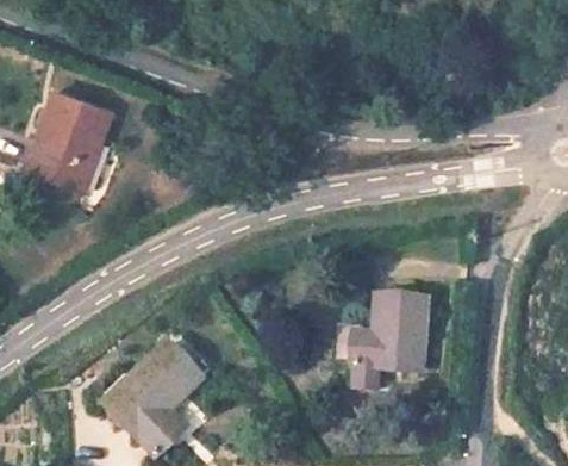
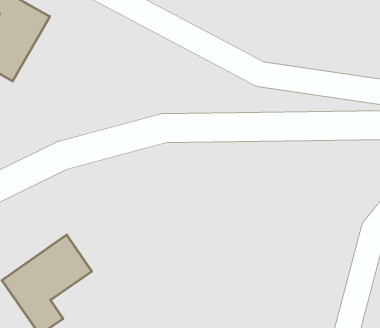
building: [352,296,427,390] -> none

